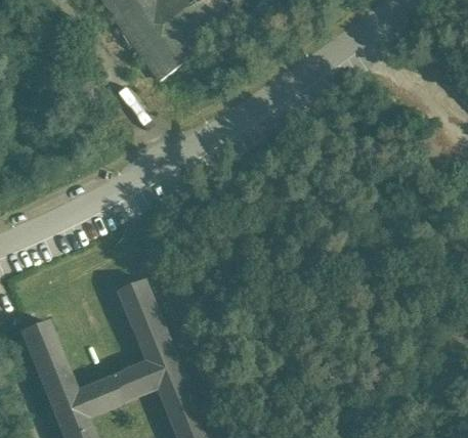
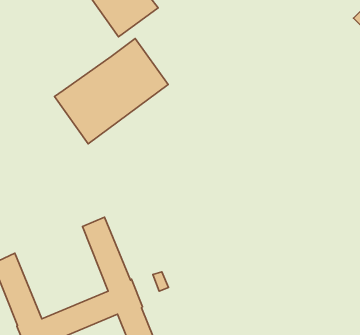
building: none -> [54,39,168,144]

